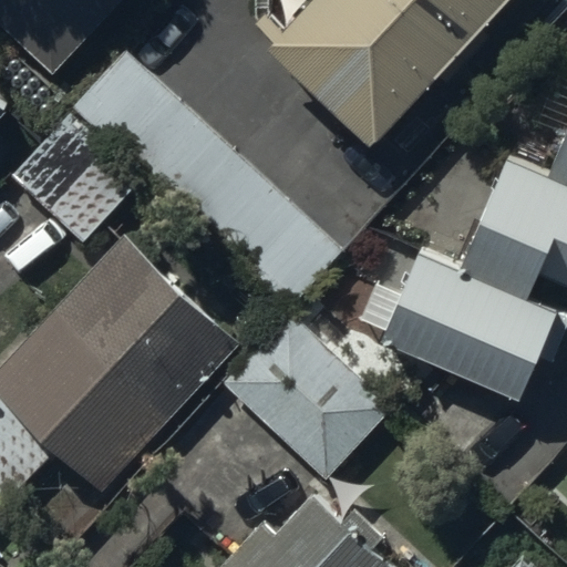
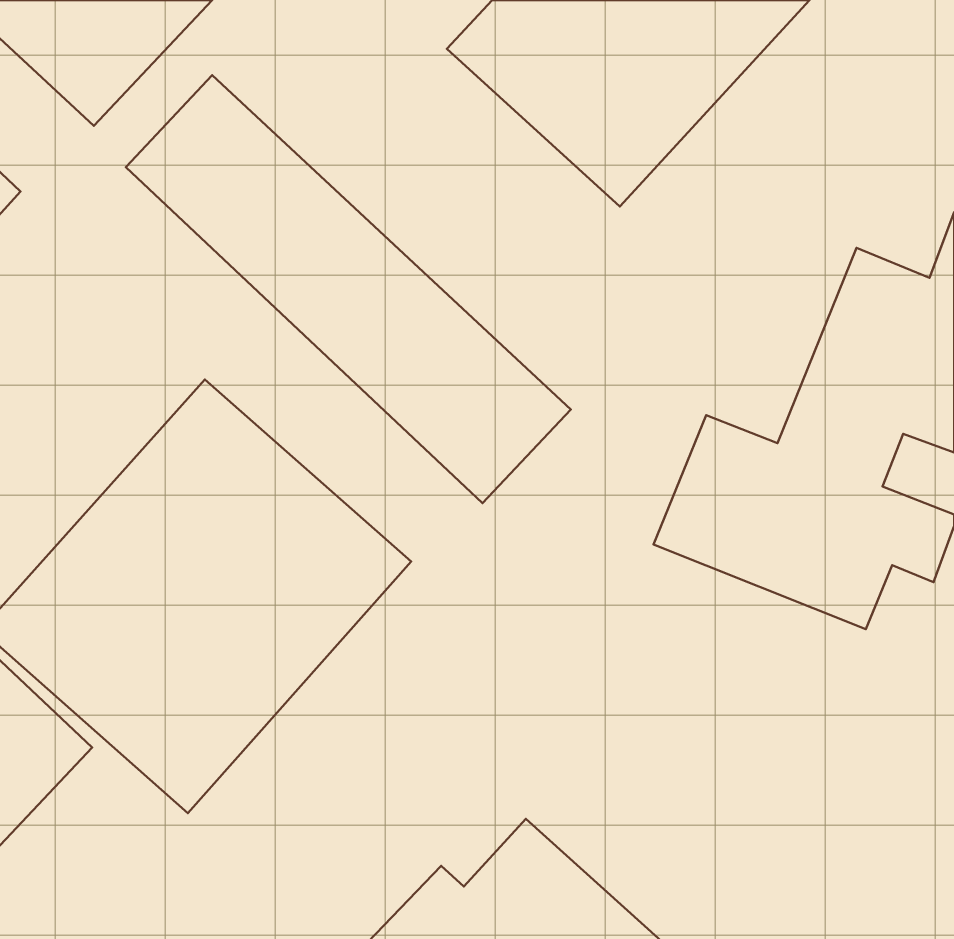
building: [11,131,140,258] -> none
building: [220,311,390,477] -> none

